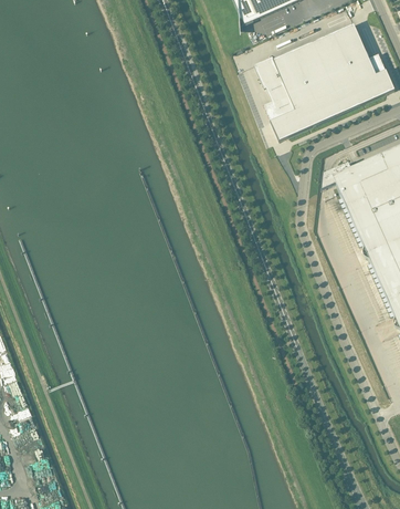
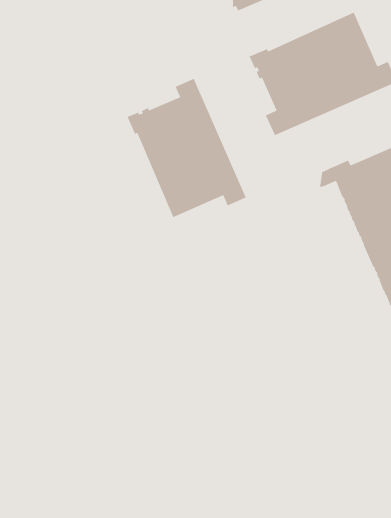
building: none -> [127,78,247,218]

